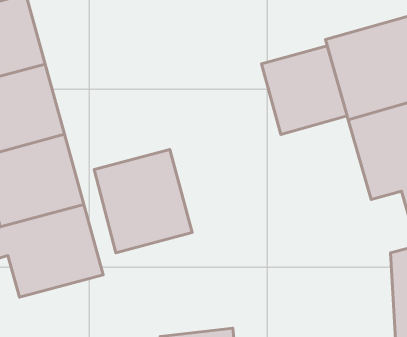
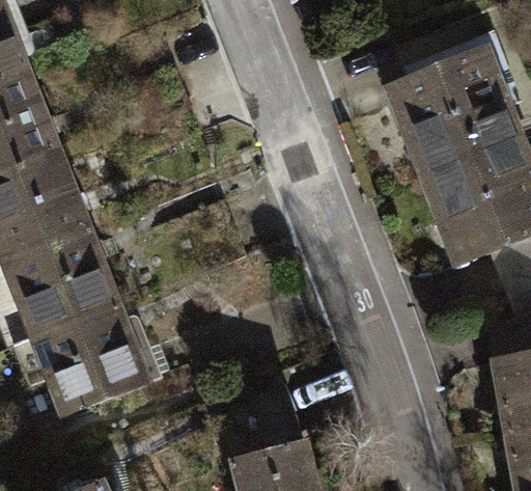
building: [262,46,347,134] -> none
building: [94,149,192,253] -> none

